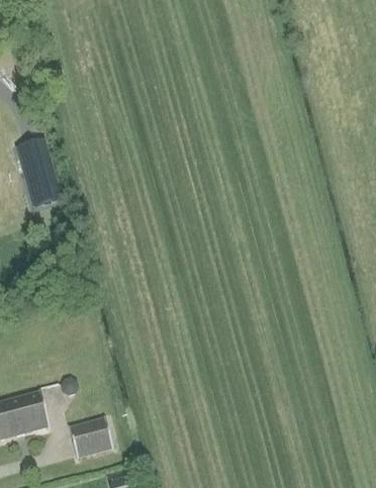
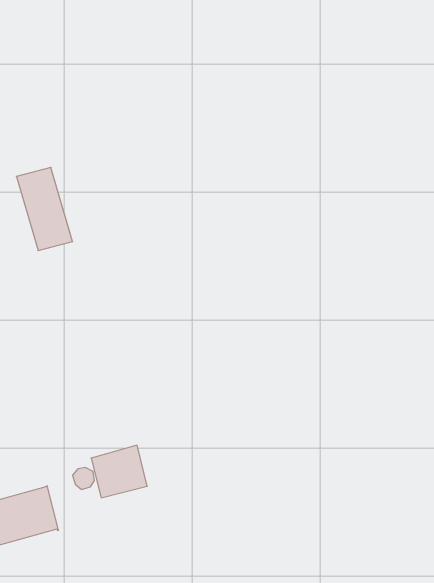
building: [67,415,111,457] -> [91,445,147,498]

